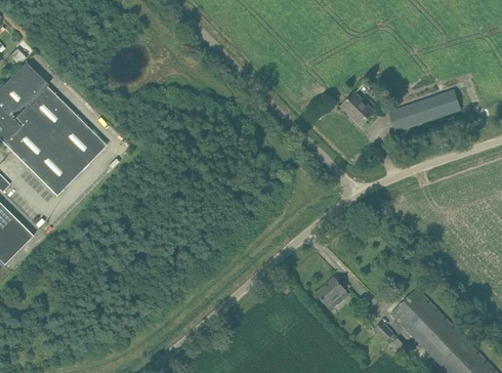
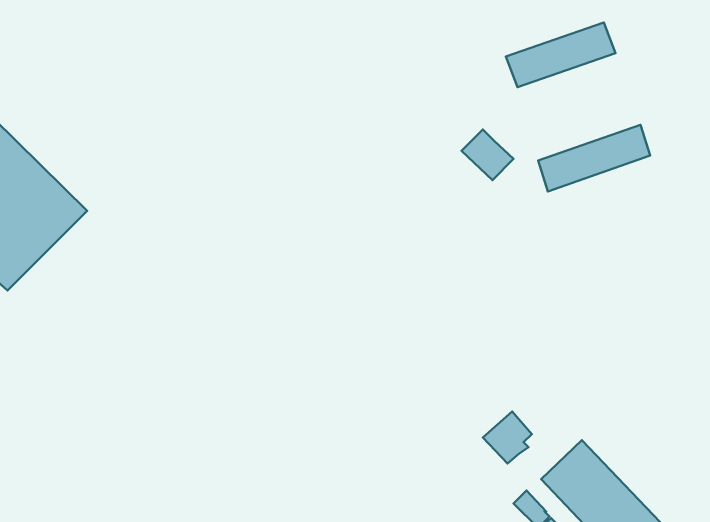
building: none -> [506,22,615,87]
building: [316,277,346,309] -> [483,411,532,463]

